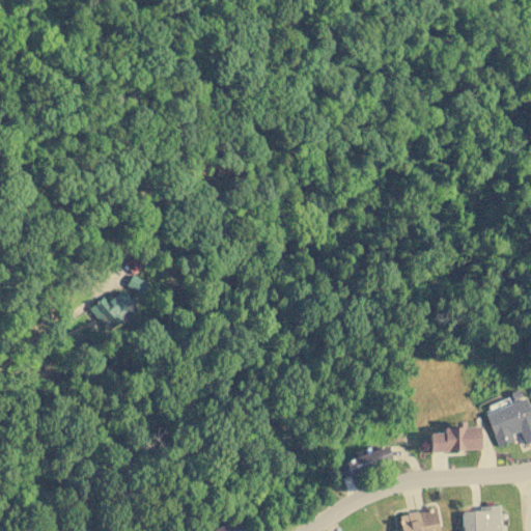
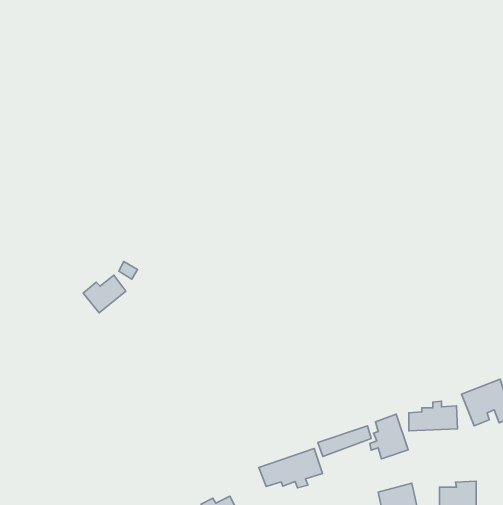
building: none -> [370,414,408,459]
building: none -> [259,449,323,488]

